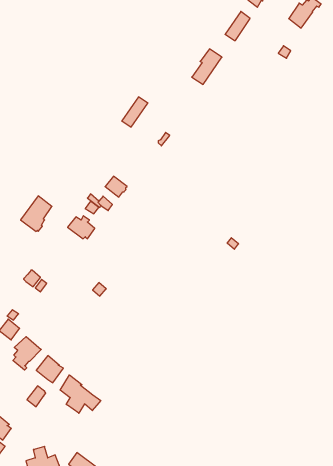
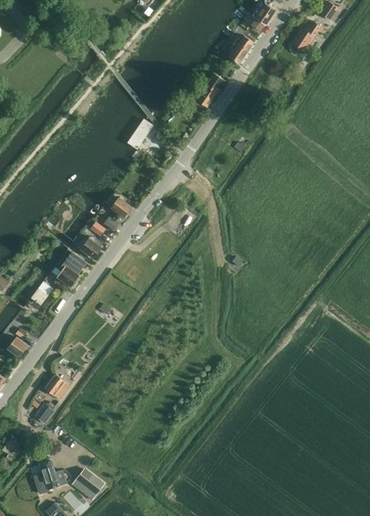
building: [21,196,52,231] -> [54,252,85,287]
building: [13,337,41,370] -> none
building: [60,375,101,413] -> none

